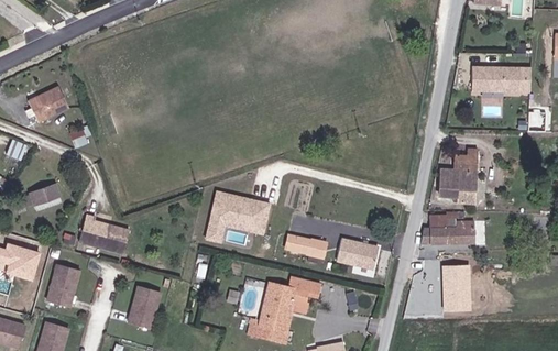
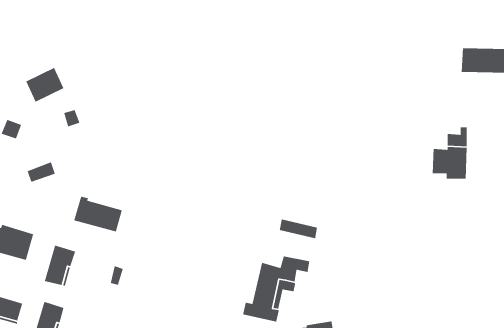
building: [201,189,267,242] -> none
building: [427,210,479,239] -> none
building: [336,239,378,268] -> none
building: [439,264,468,310] -> none
building: [134,288,161,330] -> none

